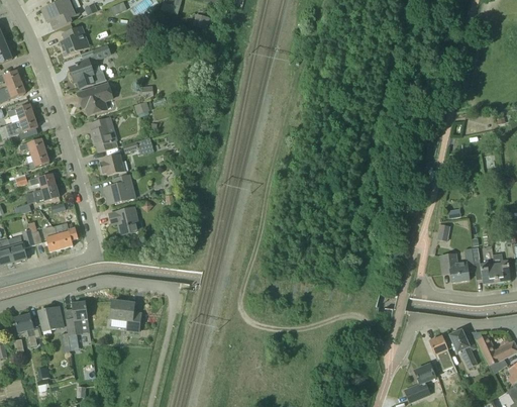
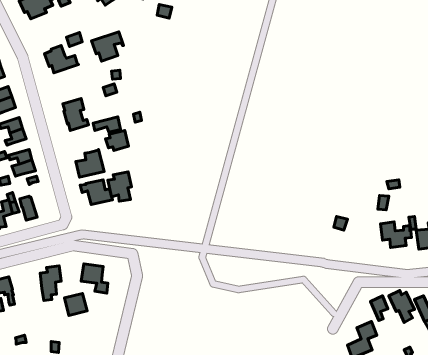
building: [60,25,86,55] -> none
building: [78,82,113,114] -> [91,32,123,61]
building: [99,152,124,175] -> [106,130,128,151]
building: none -> [108,172,131,201]
building: [55,221,78,247] -> none
building: [38,306,64,330] -> [64,293,87,315]

